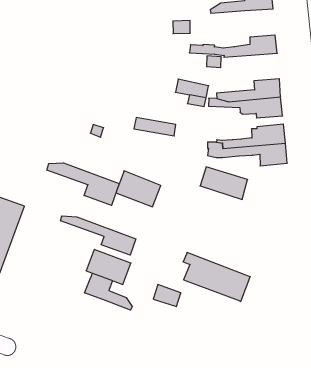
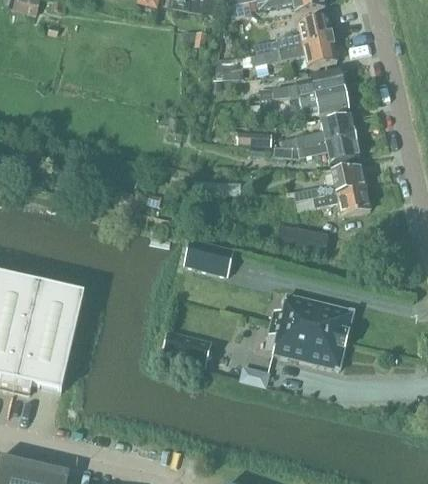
building: none -> [252,37,337,65]
building: none -> [285,86,348,113]
building: [47,163,119,205] -> none
building: [61,216,136,255] -> none
building: none -> [272,294,353,339]
building: [85,273,132,310] -> none

